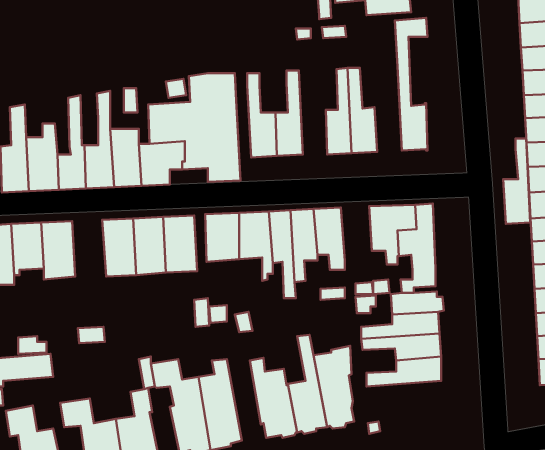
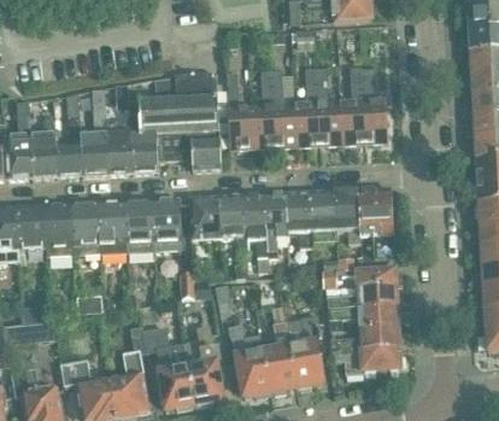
building: none -> [272,70,298,145]
building: [503,138,530,224] -> [340,66,364,142]
building: none -> [310,191,337,239]
building: none -> [71,203,101,253]
building: none -> [333,346,400,374]

